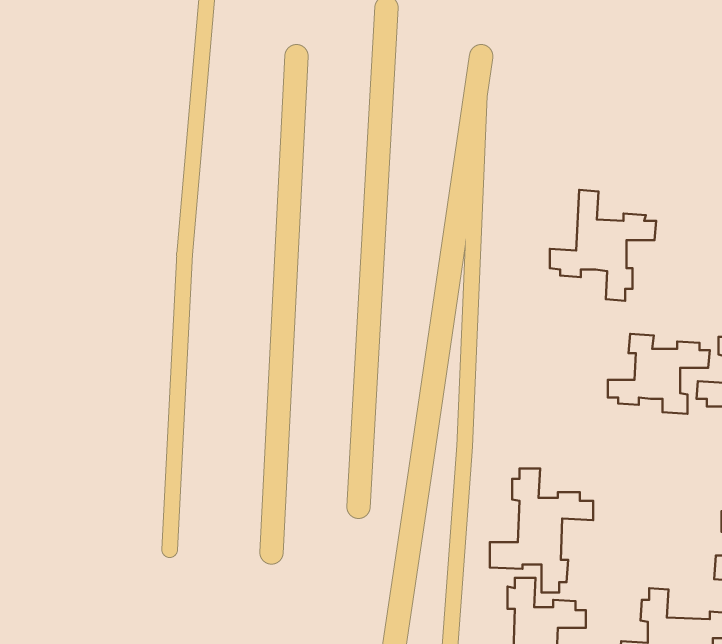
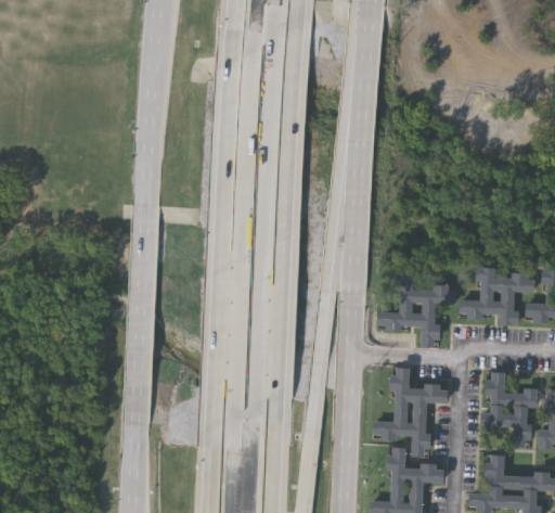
building: [550,190,656,301] -> [379,267,457,348]
building: none -> [480,370,539,448]

